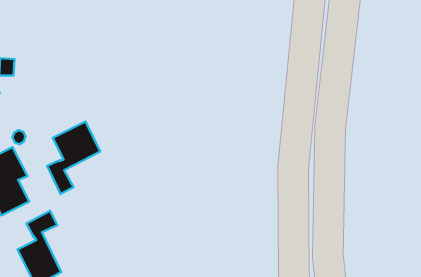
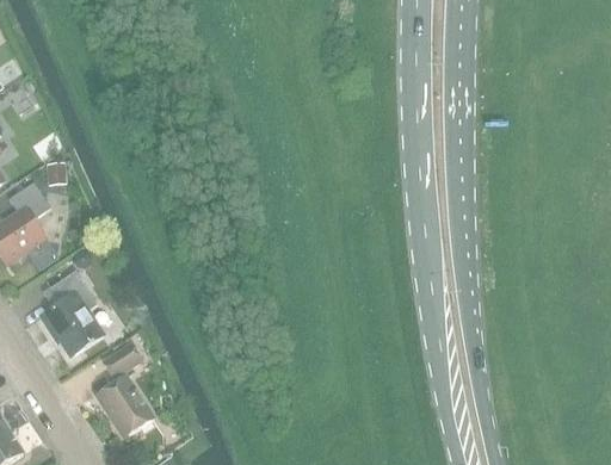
building: [47,121,100,194] -> none

